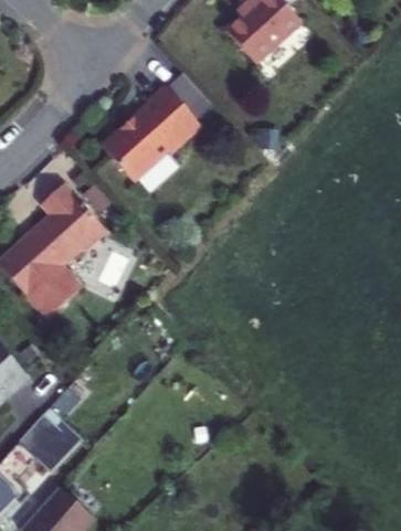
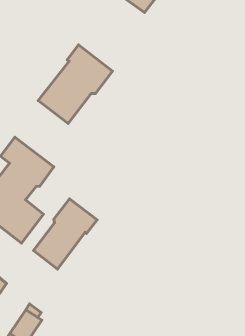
building: none -> [33,199,97,269]

